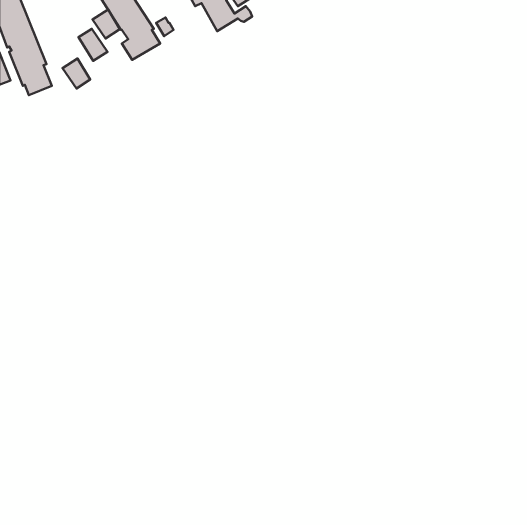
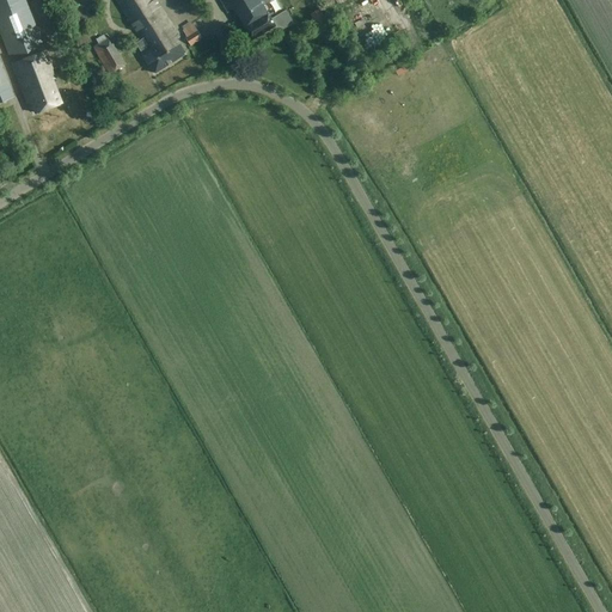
building: [92,10,120,39] -> none
building: [62,58,90,89] -> none

